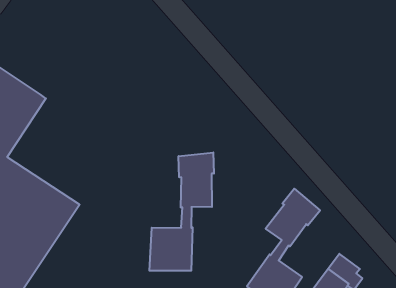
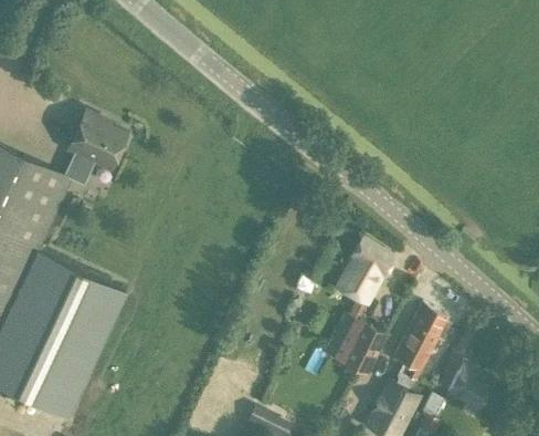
building: none -> [63,114,125,188]
building: [149,152,214,271] -> none

